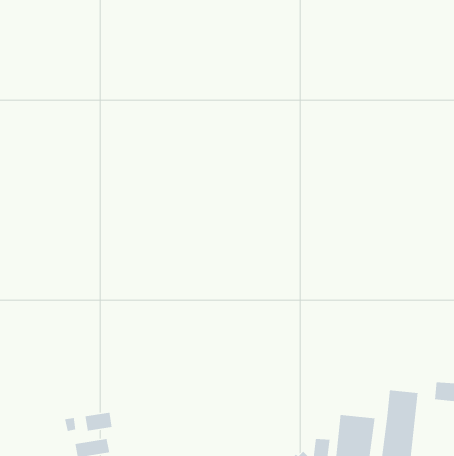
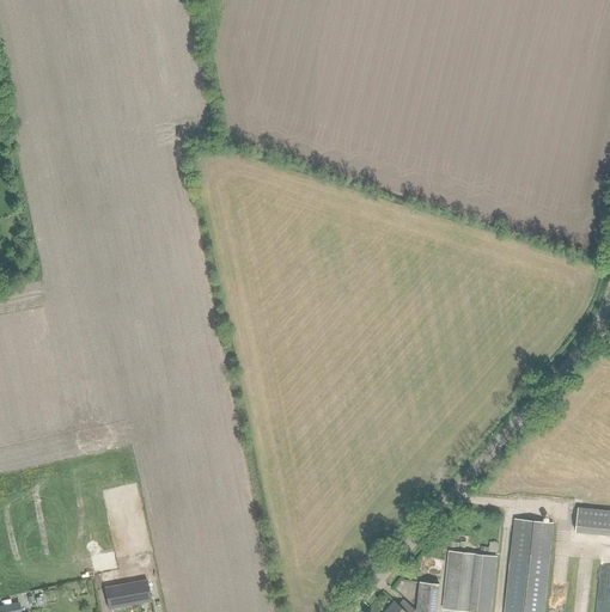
building: [85,412,113,432] -> none

